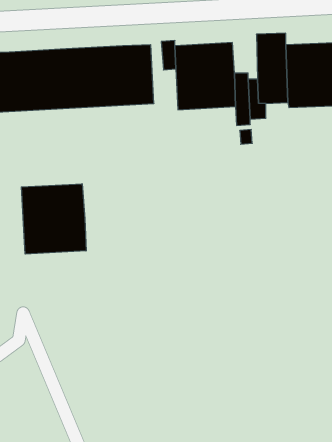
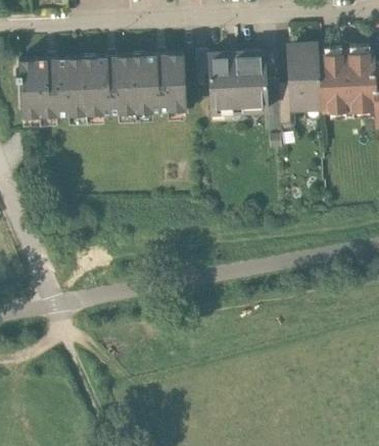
building: [21,184,86,254] -> none

